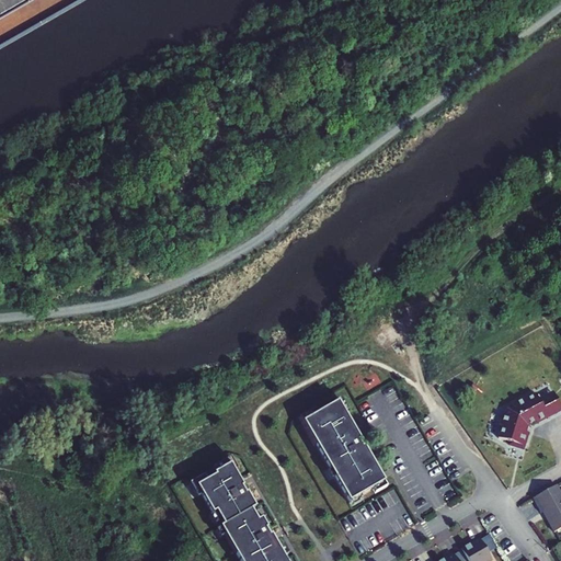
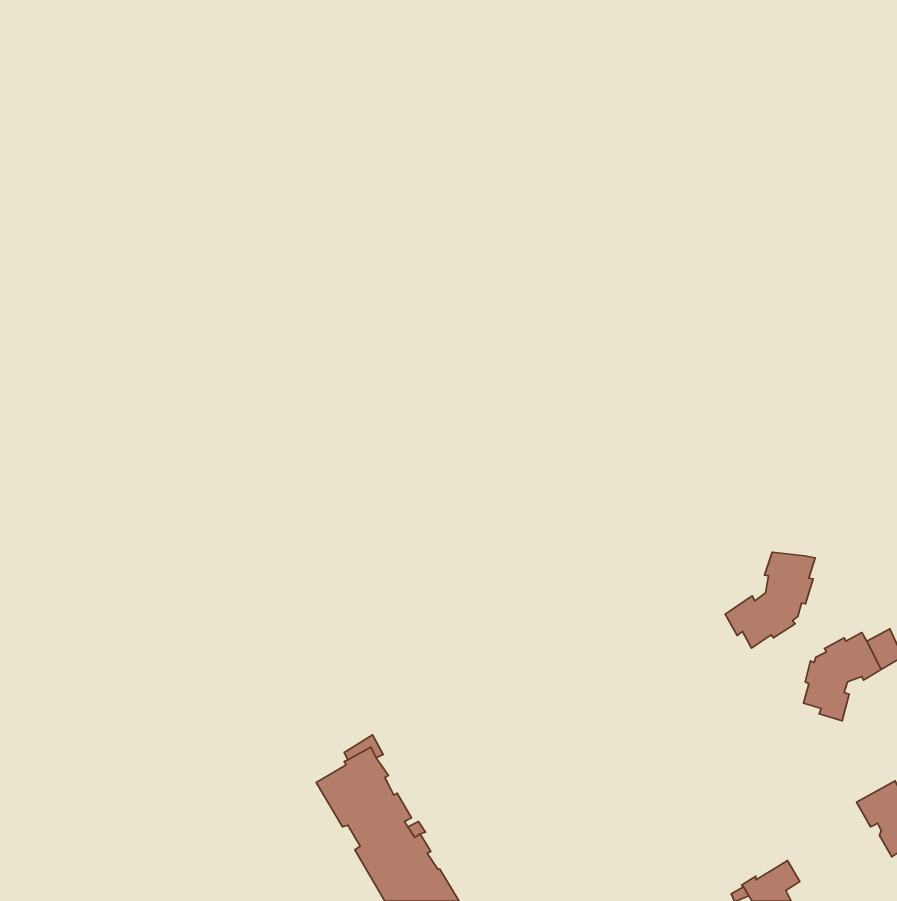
building: none -> [725,552,815,648]
building: [306,401,387,502] -> none

